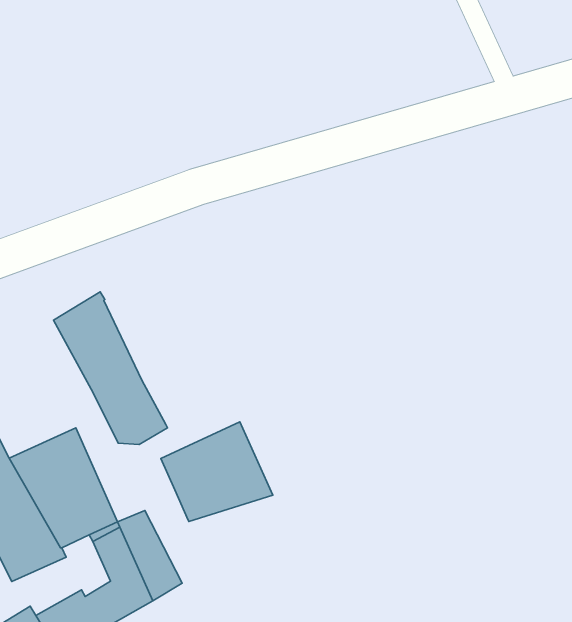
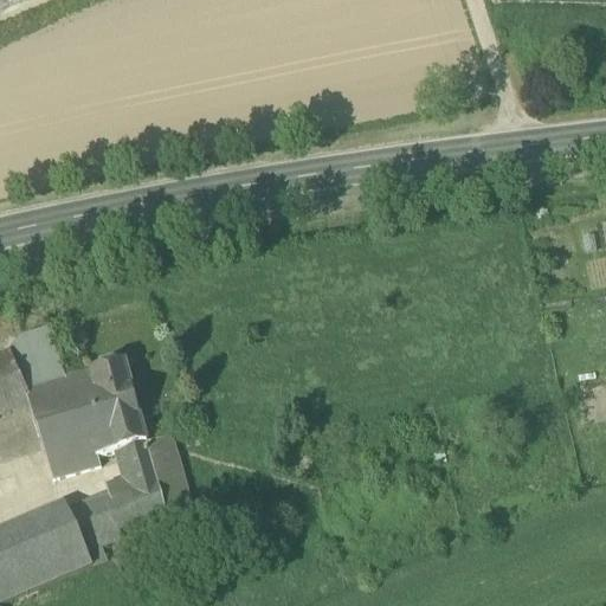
building: [54,292,168,445] -> none
building: [161,422,273,522] -> none

